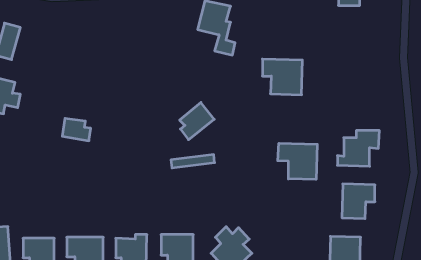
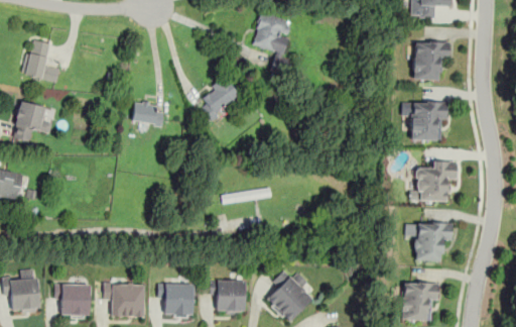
building: none -> [414,40,450,80]
building: [262,59,302,95] -> [402,100,447,140]
building: [180,102,214,140] -> [201,77,240,119]
building: [62,118,91,141] -> [132,101,164,126]
building: [278,143,317,179] -> none

